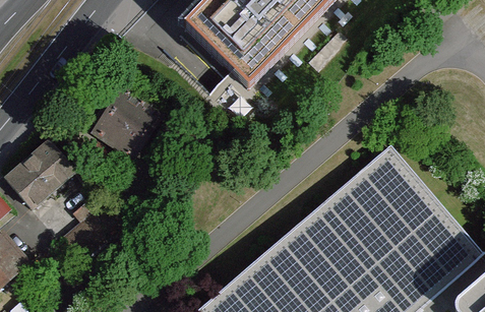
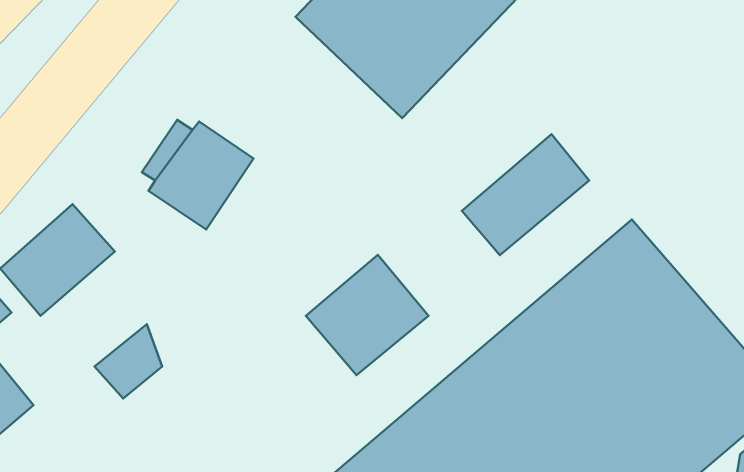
building: none -> [462,134,589,255]
building: none -> [306,255,428,375]

